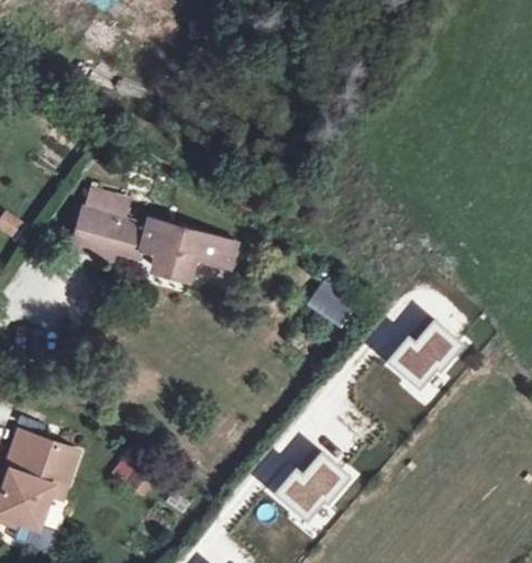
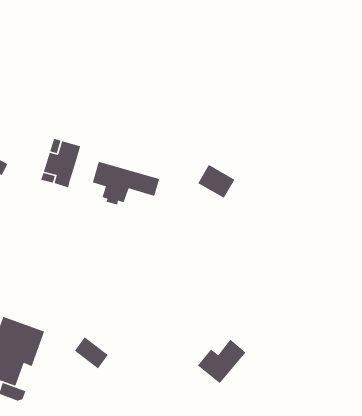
building: [109,217,144,256] -> none
building: [308,282,359,329] -> [197,164,235,199]
building: [391,323,466,391] -> none

